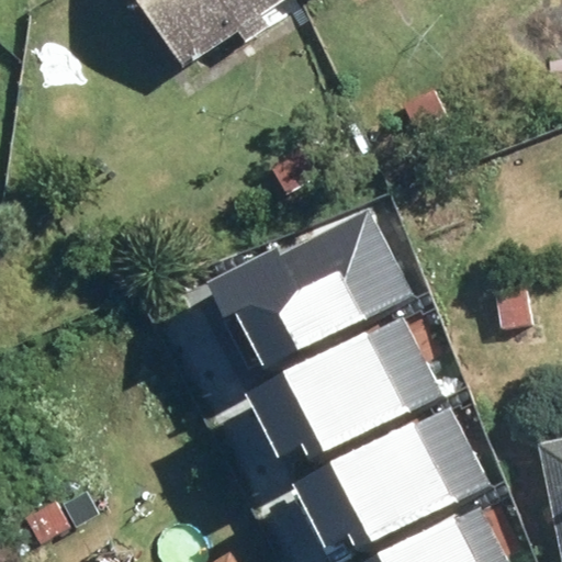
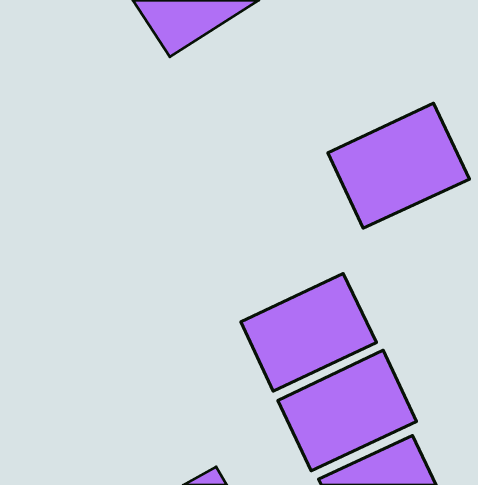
building: none -> [328,103,469,228]
building: [203,215,404,366] -> none

